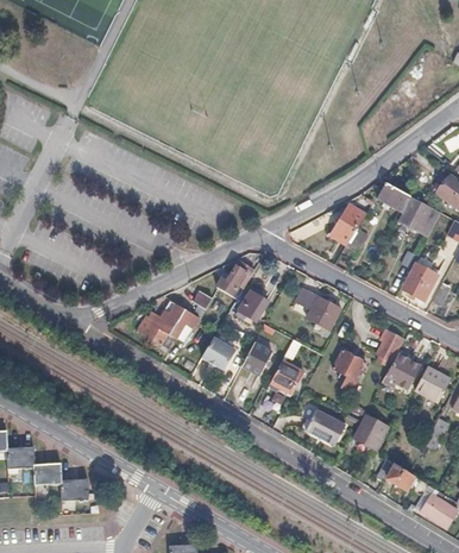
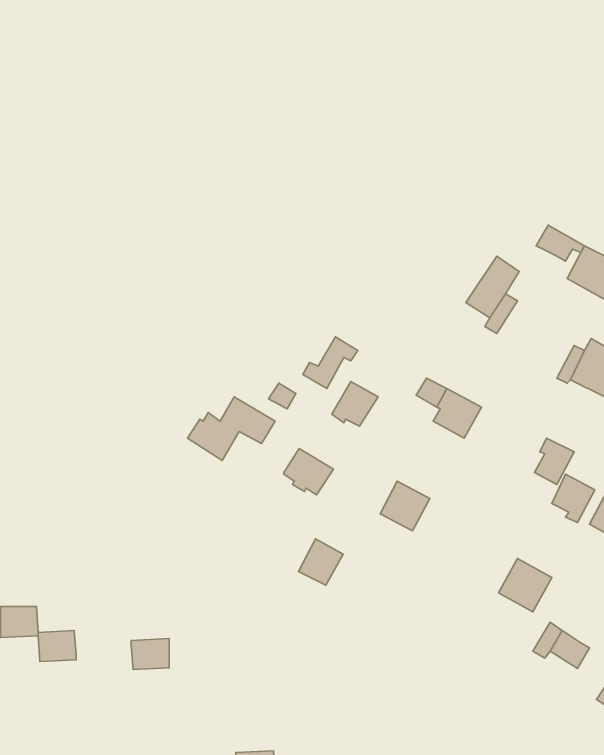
building: [243,341,273,373] -> [298,539,343,585]
building: [332,350,365,391] -> none
building: [303,409,345,445] -> none
building: [59,478,86,499] -> [131,639,169,670]

